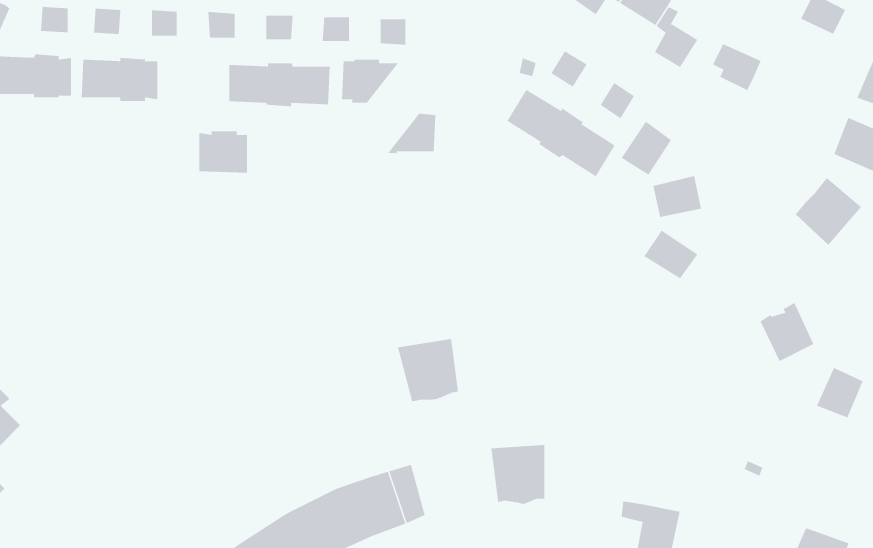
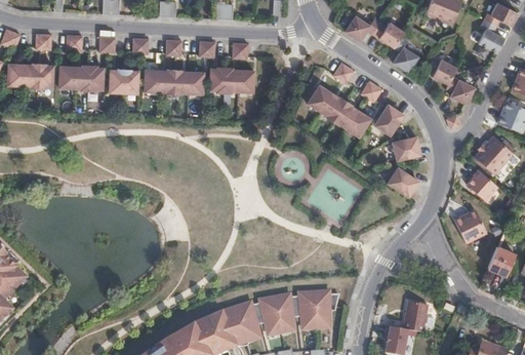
building: none -> [445,77,474,105]
building: [387,113,436,154] -> [226,69,254,92]
building: [199,131,248,173] -> [110,69,138,93]
building: none -> [466,168,497,200]
building: [397,339,459,402] -> [258,294,294,331]
building: none -> [403,302,428,333]

